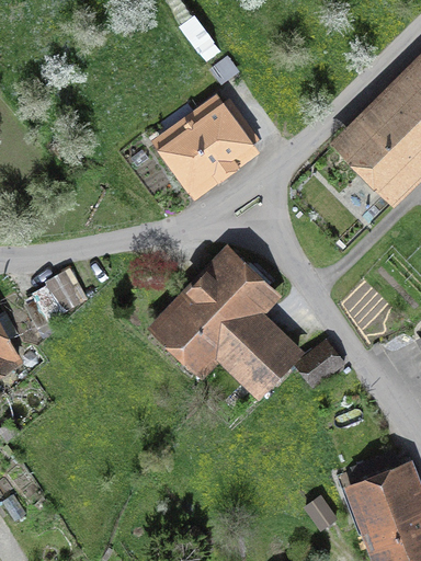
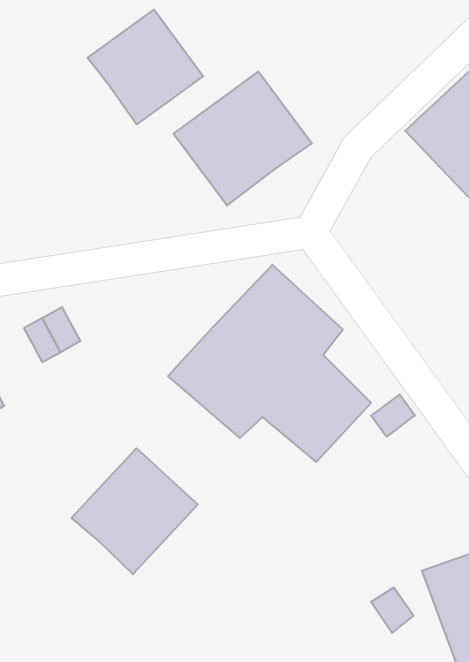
building: none -> [88,10,203,124]
building: none -> [72,448,198,574]

